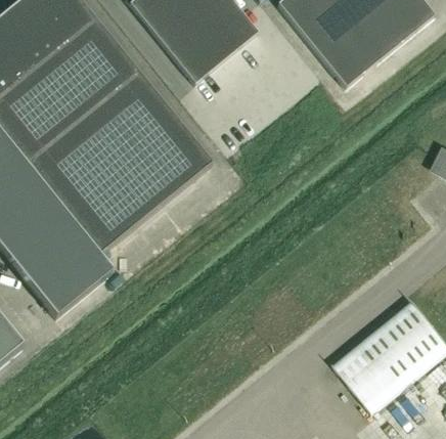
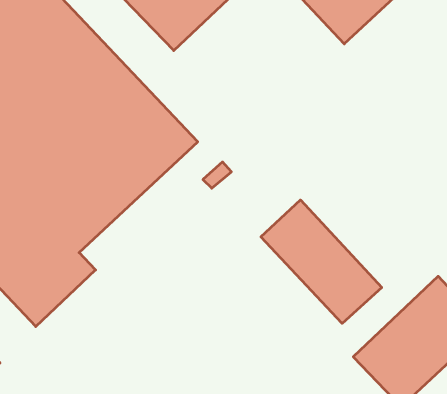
building: none -> [261,200,382,323]

